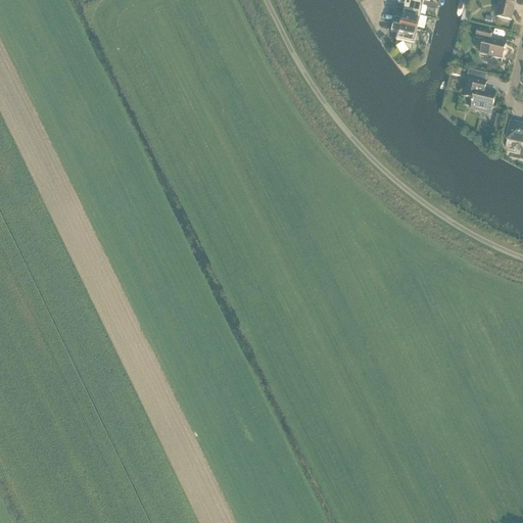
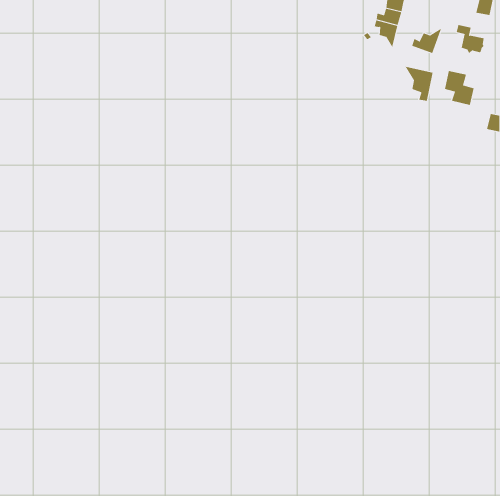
building: none -> [412,27,442,54]
building: none -> [405,66,433,102]

